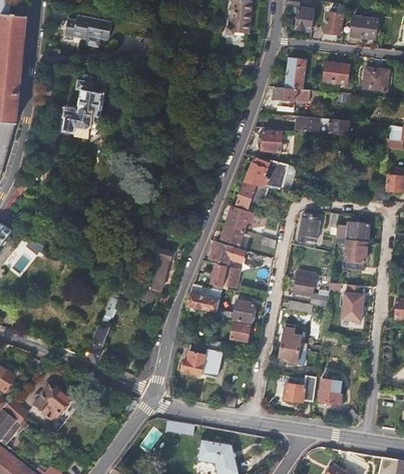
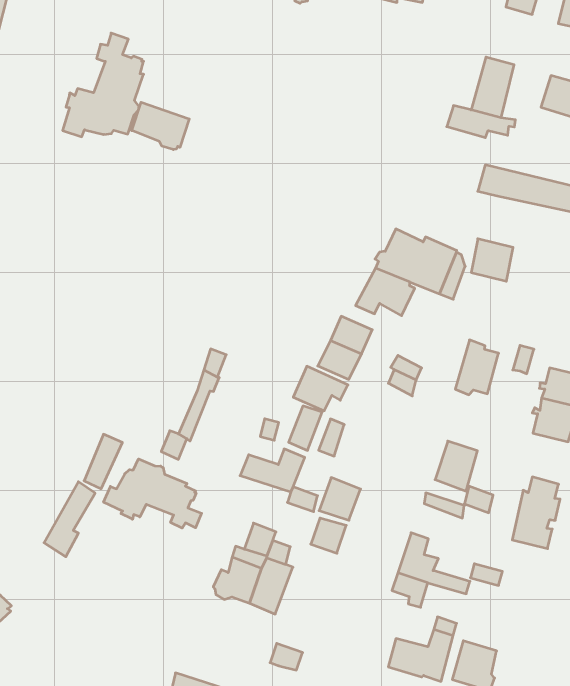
building: none -> [132,102,189,150]
building: [261,131,282,152] -> [471,239,513,281]
building: none -> [104,459,202,528]

